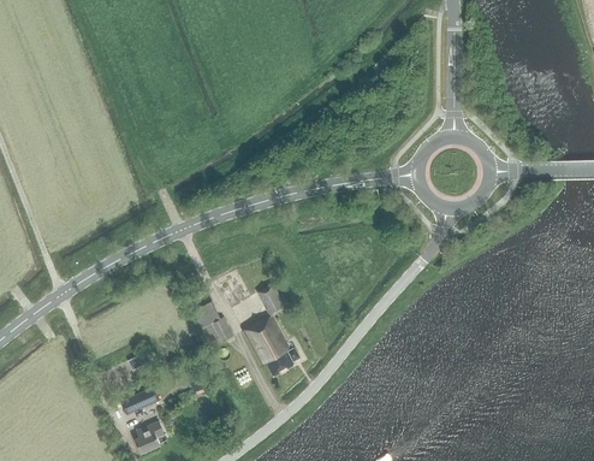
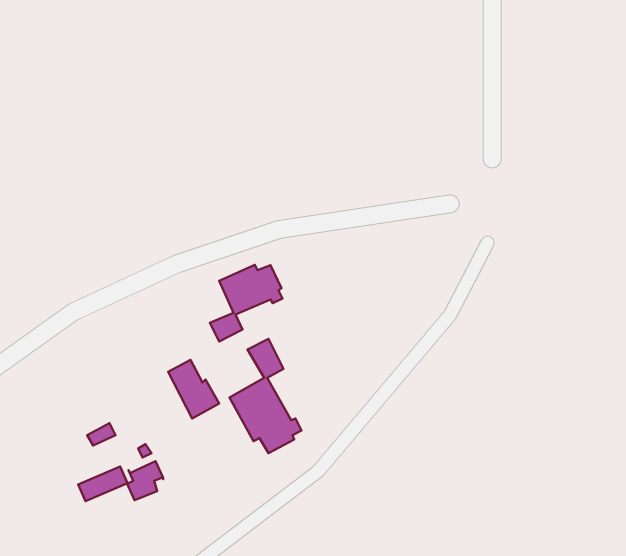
building: none -> [210,265,282,341]
building: [135,421,164,453] -> [127,461,163,500]

